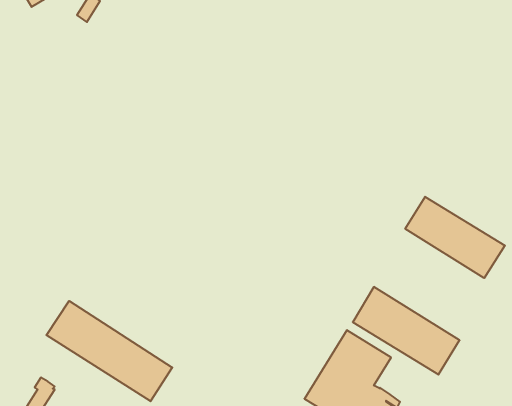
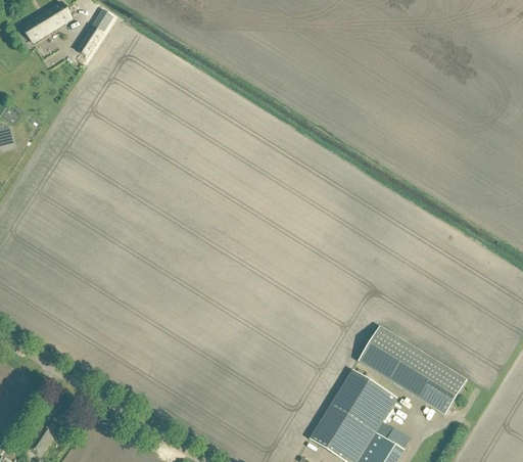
building: [405,197,505,278] -> none
building: [46,301,172,401] -> none

